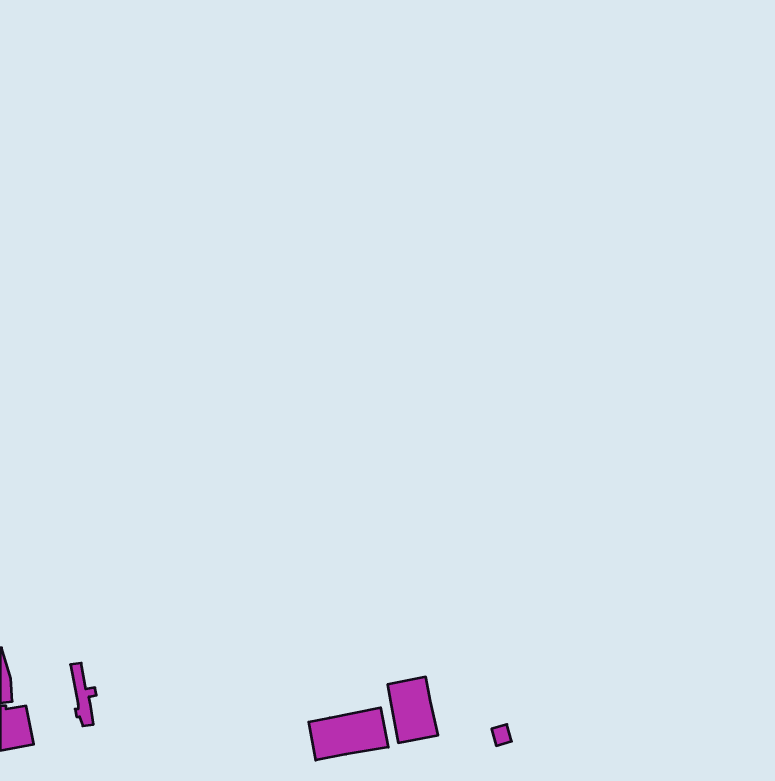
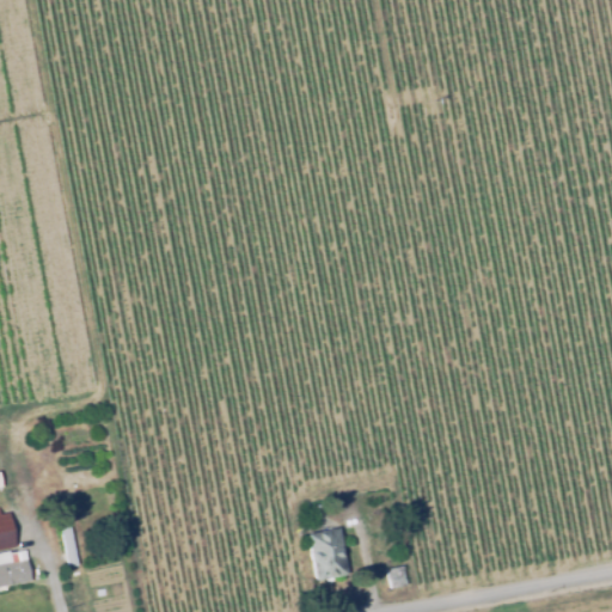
building: [309,708,388,760] -> none

